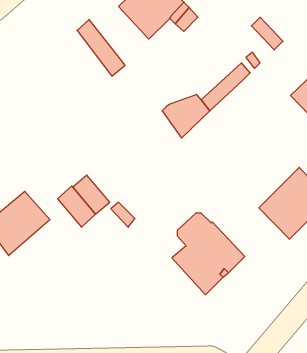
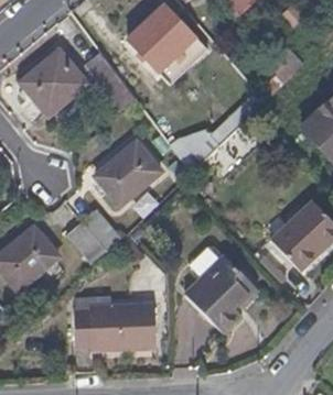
building: none -> [21,48,88,116]
building: none -> [95,141,161,205]
building: none -> [72,301,152,352]

